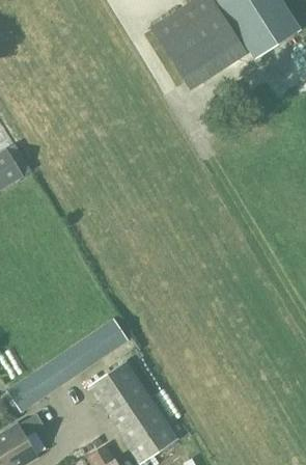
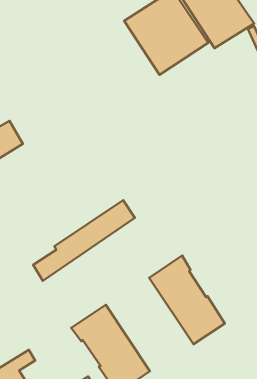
building: none -> [149,256,225,344]
building: [8,319,128,413] -> [33,200,135,281]

